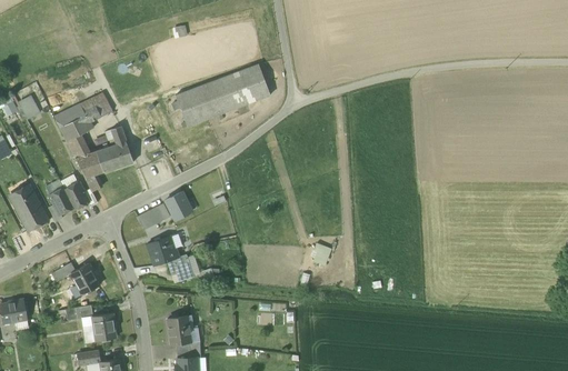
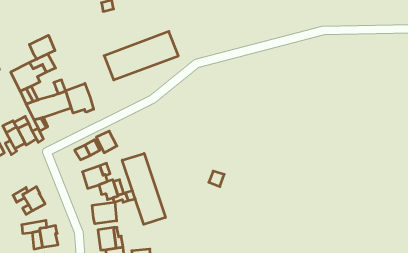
building: none -> [29,35,55,59]
building: none -> [66,83,94,113]
building: none -> [122,153,165,224]
building: none -> [92,202,117,224]

